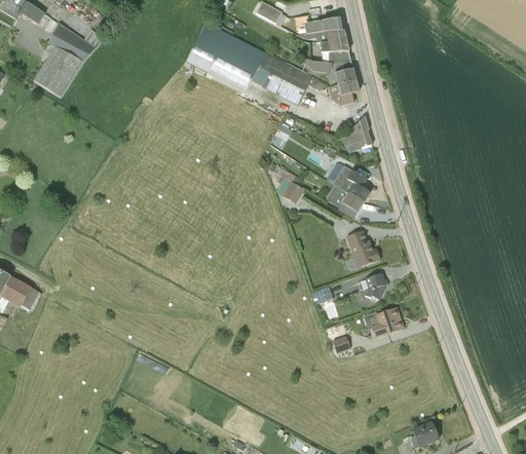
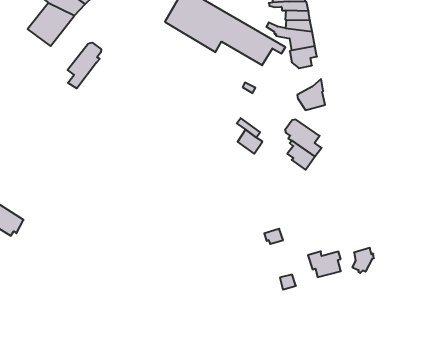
building: none -> [68,43,101,88]
building: [346,230,379,267] -> none
building: [364,272,387,301] -> [352,248,374,273]

